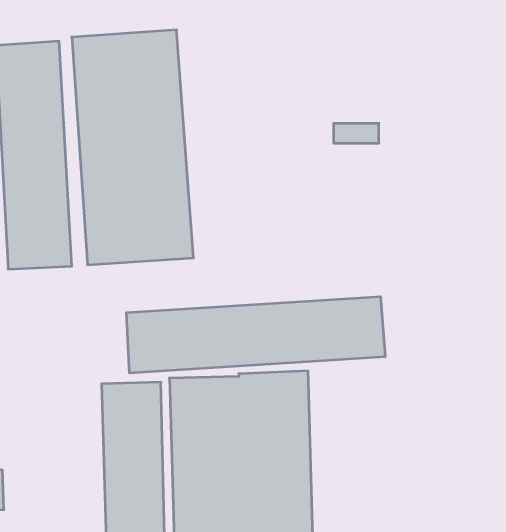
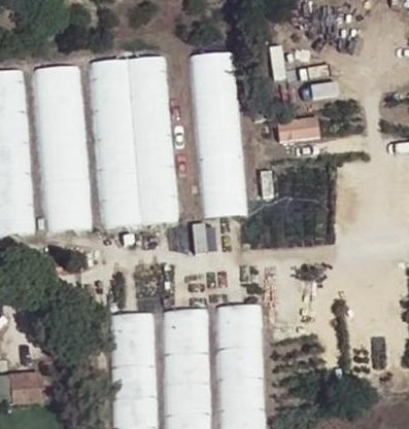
building: none -> [191,51,246,216]
building: [127,297,385,373] -> none

